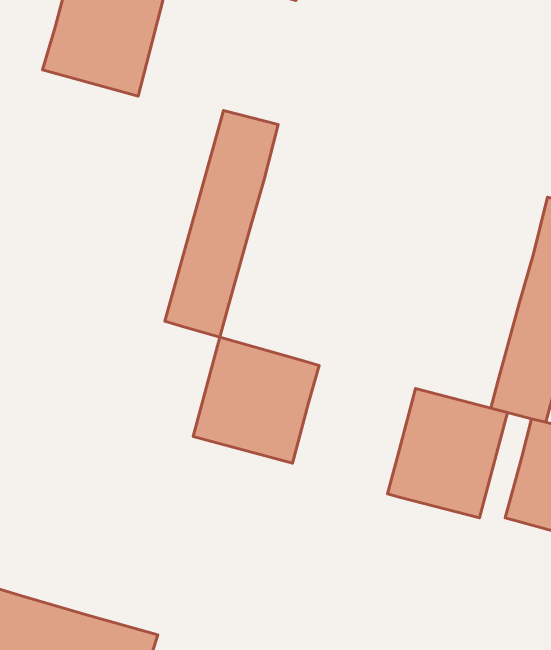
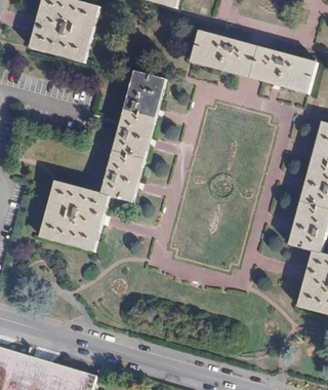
building: none -> [190,30,316,93]
building: [193,337,319,463] -> [37,180,110,252]
building: [387,388,508,518] -> none

